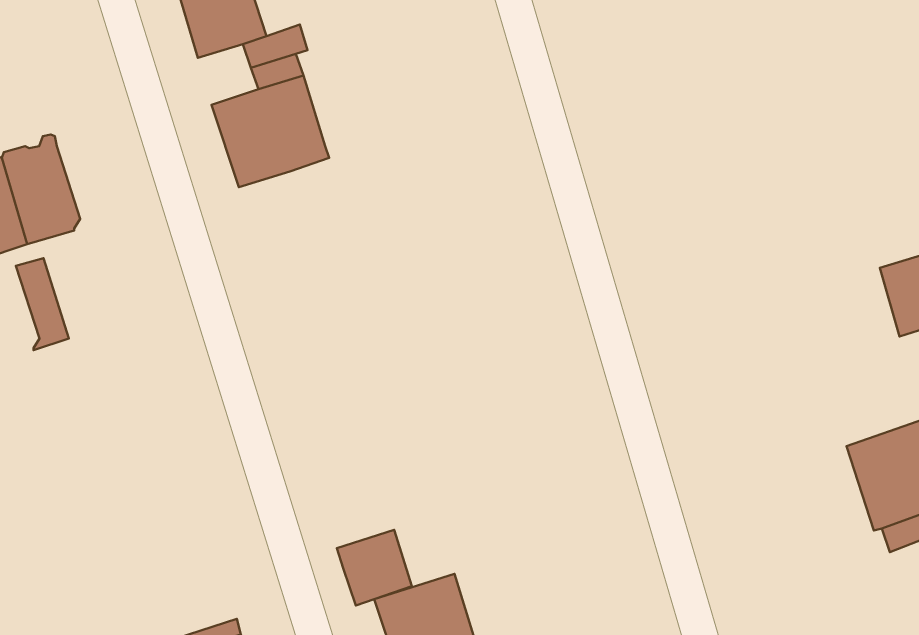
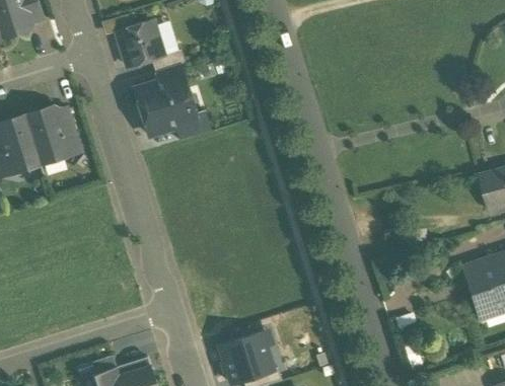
building: none -> [175,109,211,141]
building: [16,258,69,350] -> [55,108,82,156]
building: [337,530,412,606] -> none

